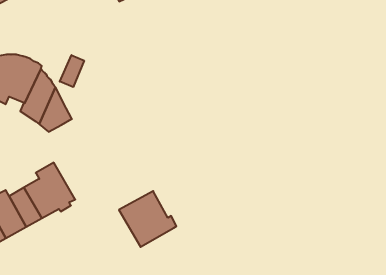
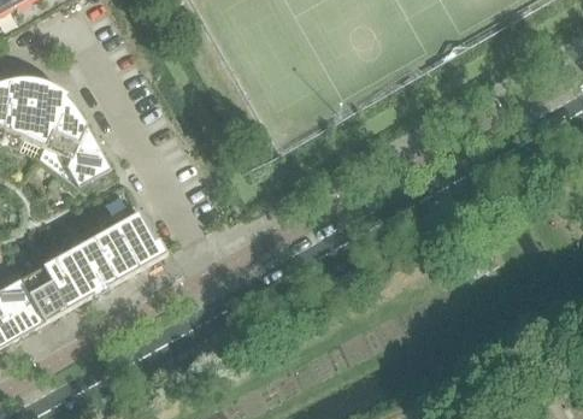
building: [60,55,84,87] -> none
building: [119,191,176,247] -> [83,203,164,282]

